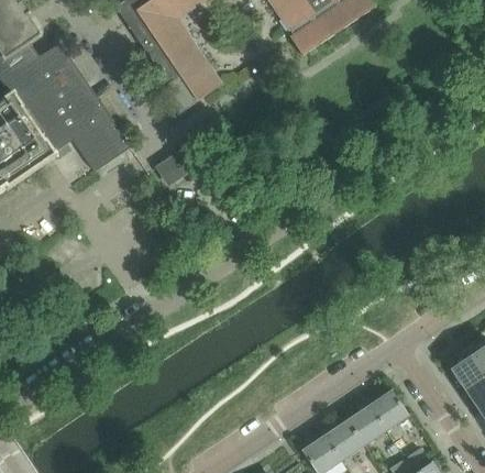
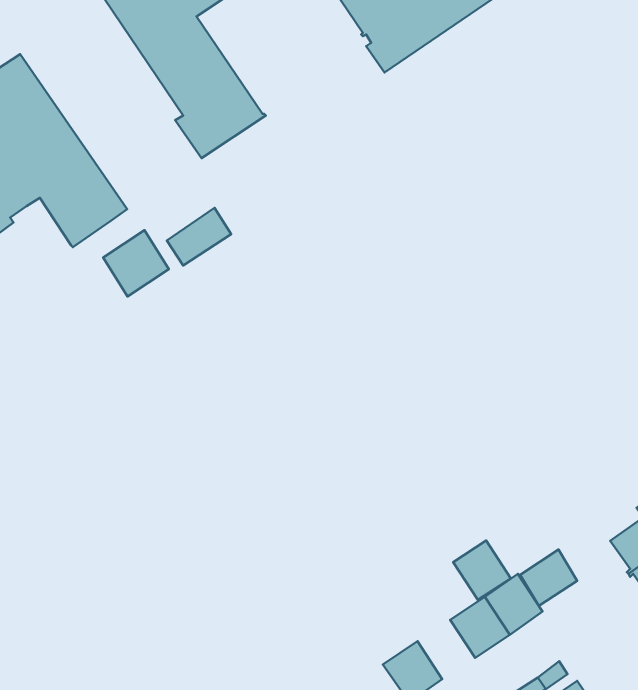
building: none -> [103,230,169,297]
building: none -> [520,550,577,606]
building: [324,420,363,460] -> [453,541,511,600]

